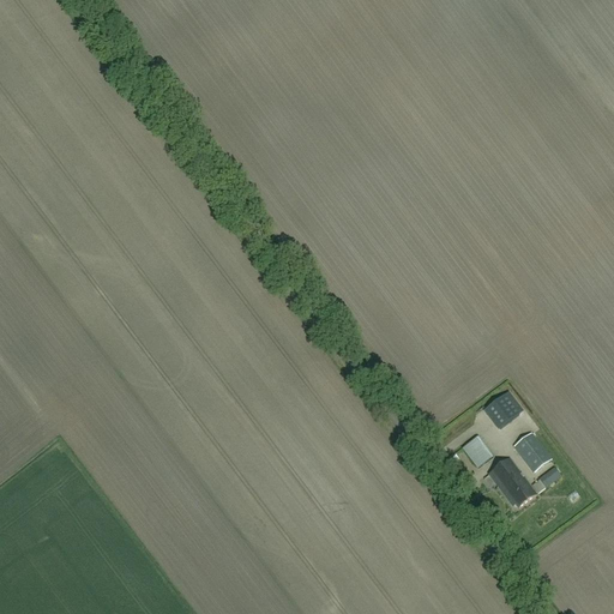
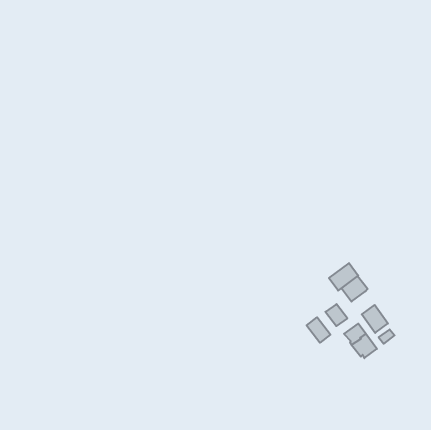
building: none -> [329,263,358,291]
building: none -> [307,317,330,343]

